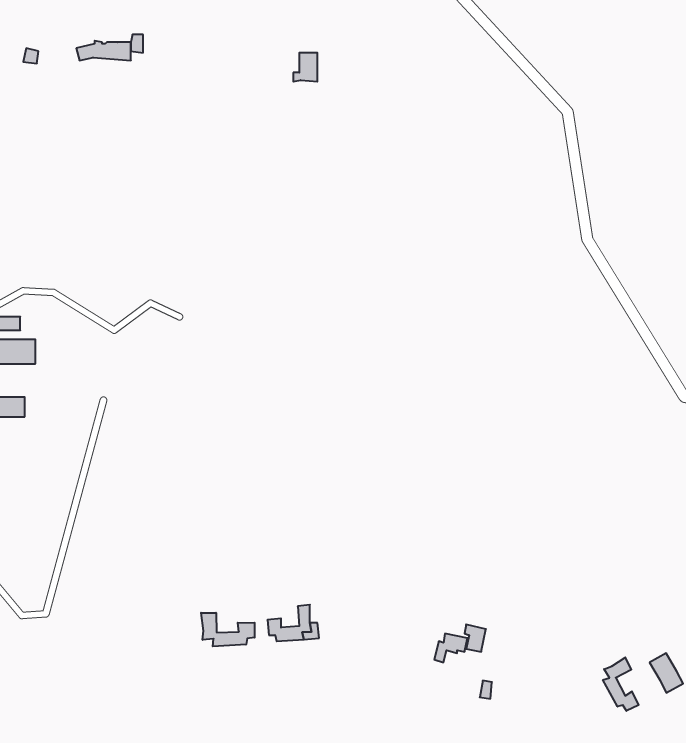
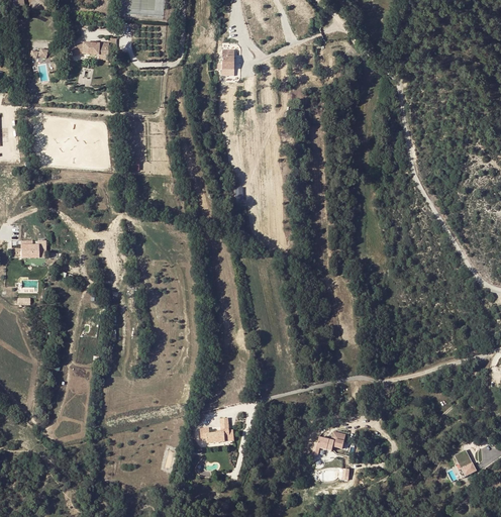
building: [201,613,255,646] -> none
building: [603,657,639,711] -> none

